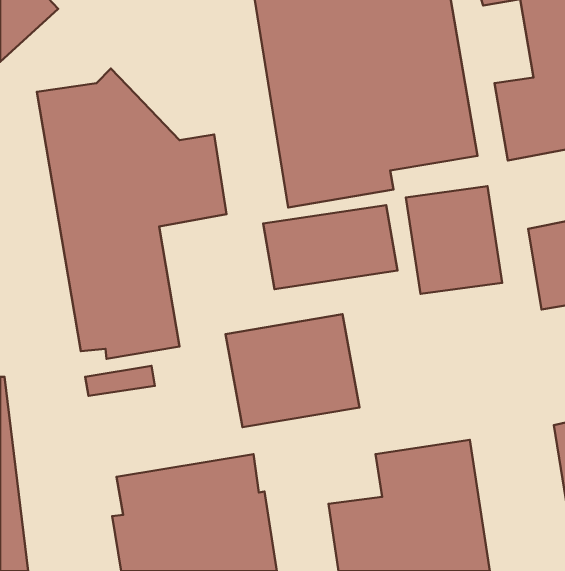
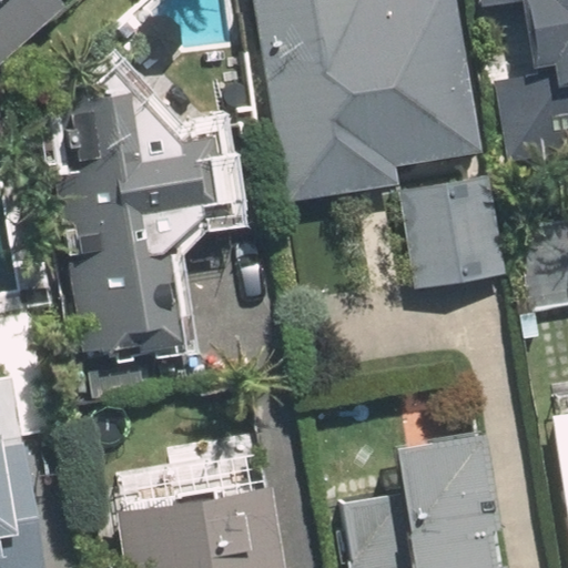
building: [263,205,398,289] -> none
building: [225,314,360,427] -> none

